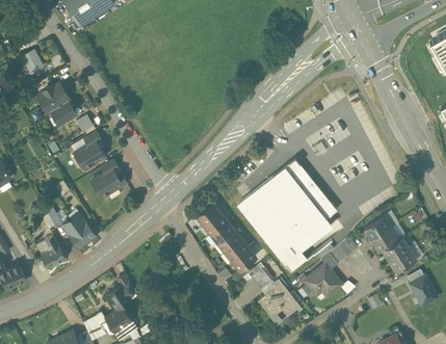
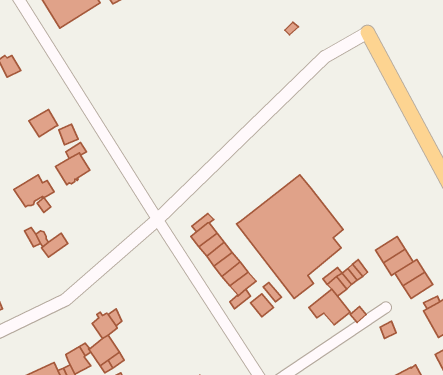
building: [37,83,70,113] -> none
building: [90,168,127,197] -> [14,175,54,207]
building: [68,222,96,249] -> none
building: [41,236,65,269] -> none
building: [258,279,300,317] -> none

